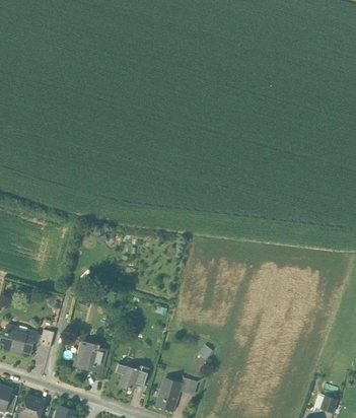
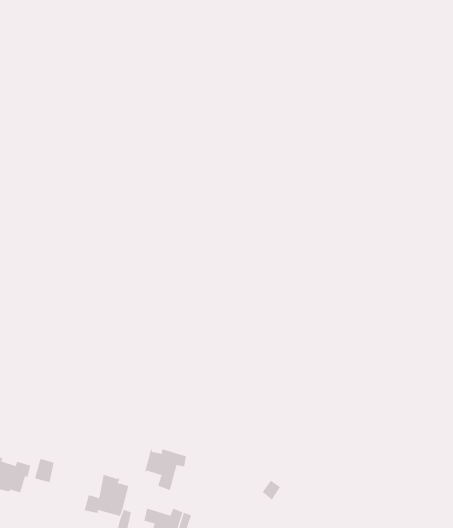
building: none -> [145,448,187,491]

